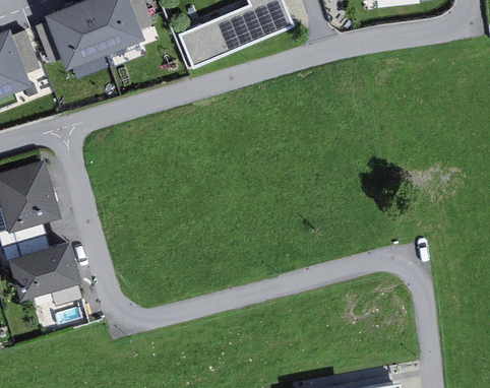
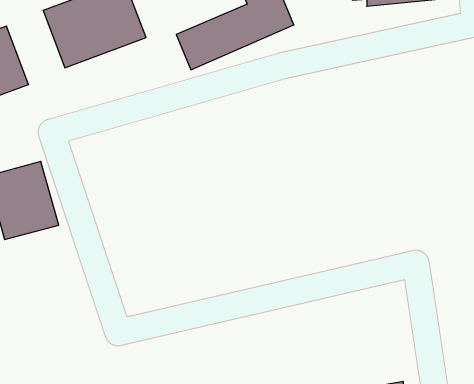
building: [8,240,84,303] -> none

